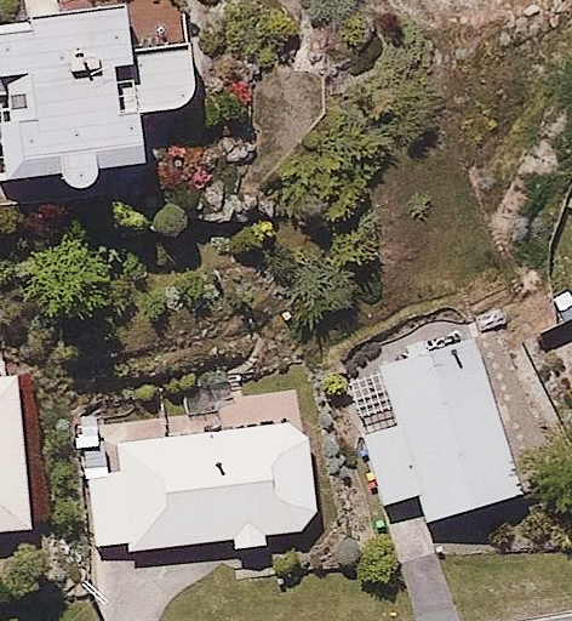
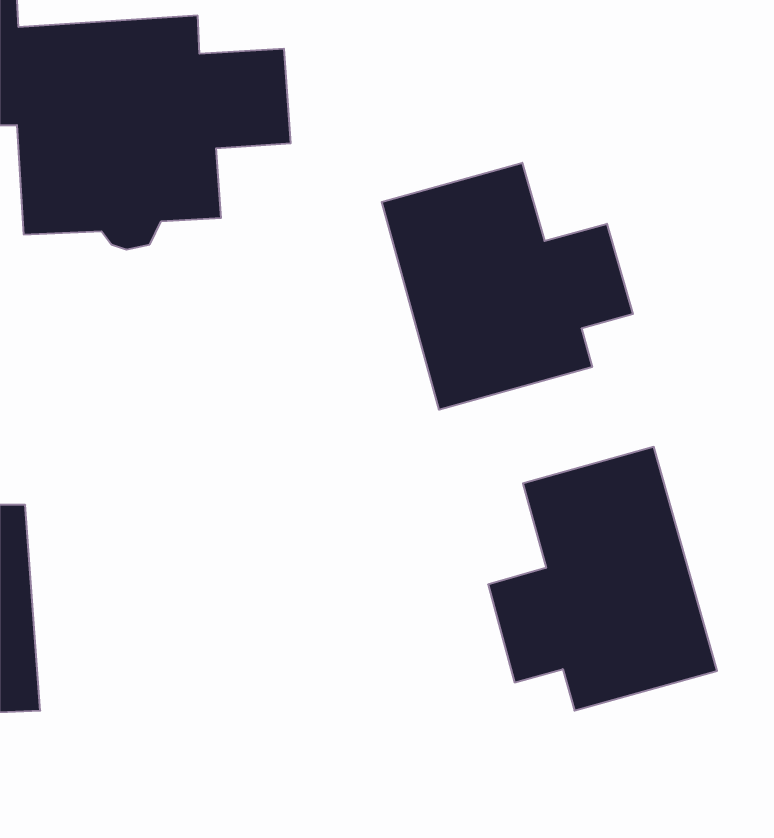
building: none -> [382,163,633,410]
building: [81,421,319,553] -> none

